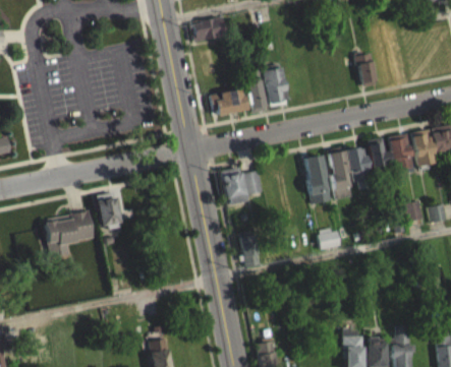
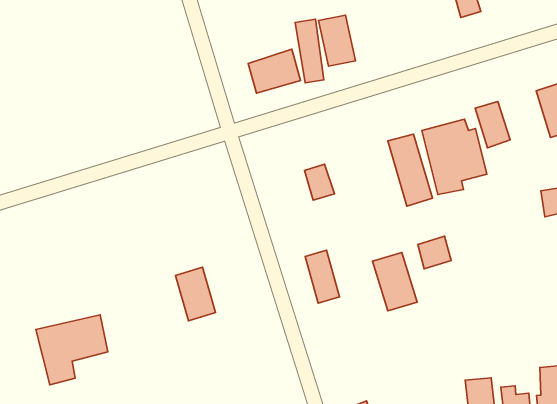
building: [389,132,415,172] -> none
building: [222,167,247,204] -> none
building: [96,192,121,229] -> [176,267,215,321]
building: [45,211,94,257] -> [36,315,108,385]
building: none -> [373,253,417,311]

